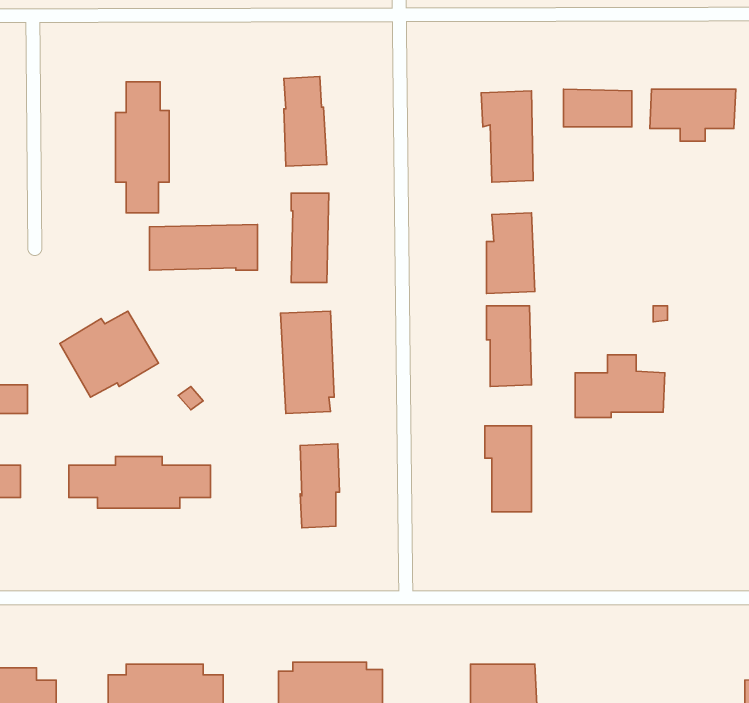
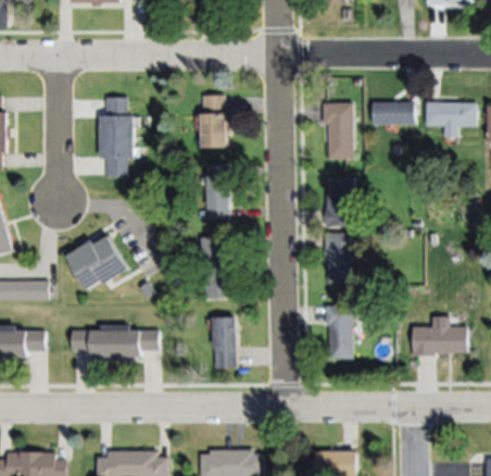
building: [149,225,258,270] -> none
building: [575,355,665,418] -> [412,317,466,355]

